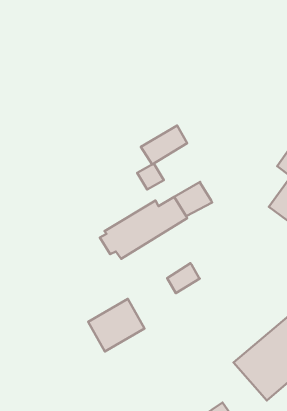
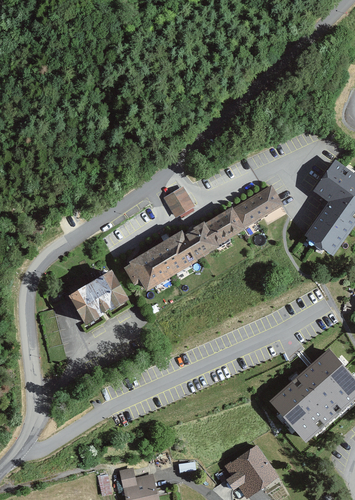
building: [141,125,187,164] -> [232,185,282,227]
building: [167,263,200,293] -> none
building: [88,299,145,352] -> [67,268,128,325]

